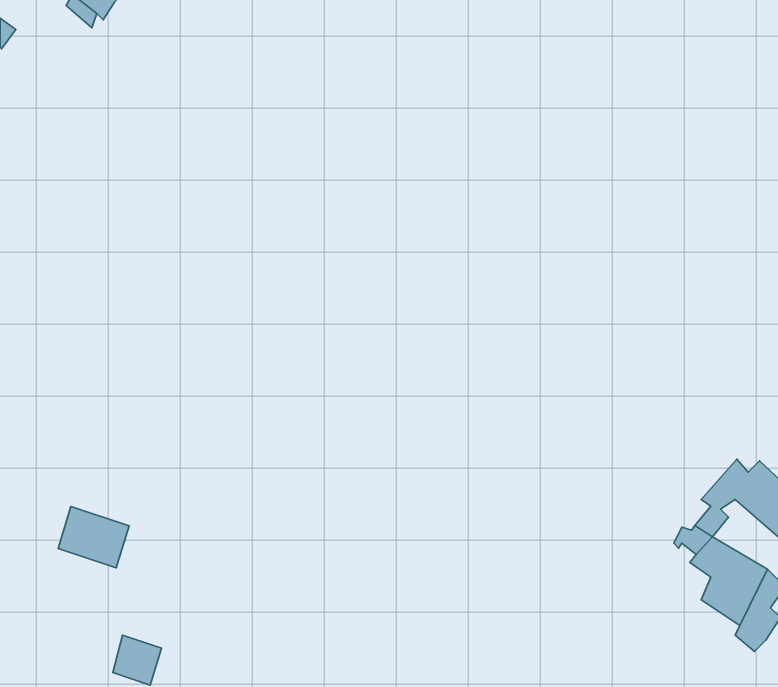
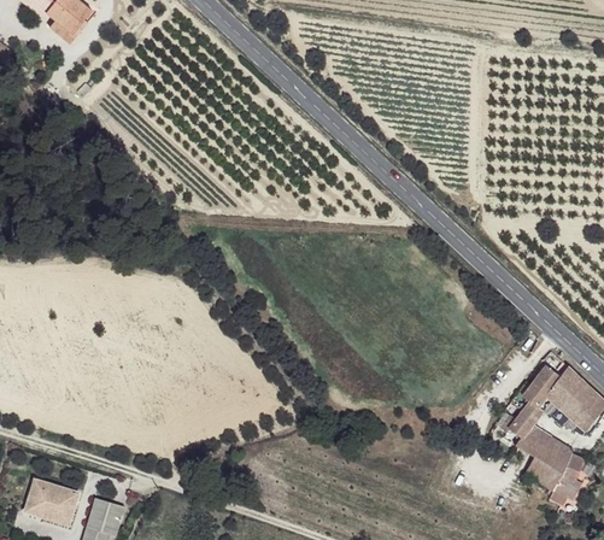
building: [58,506,129,568] -> [22,479,75,524]

